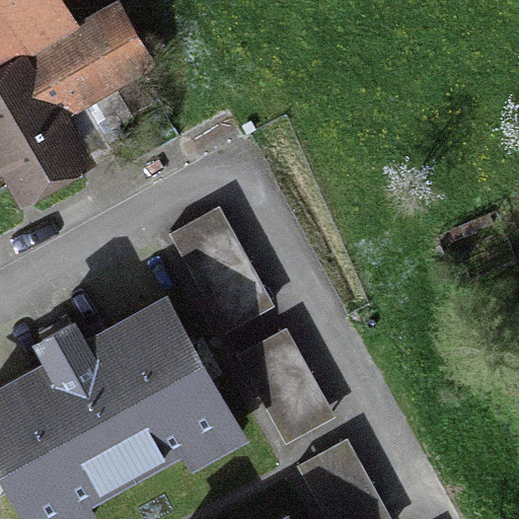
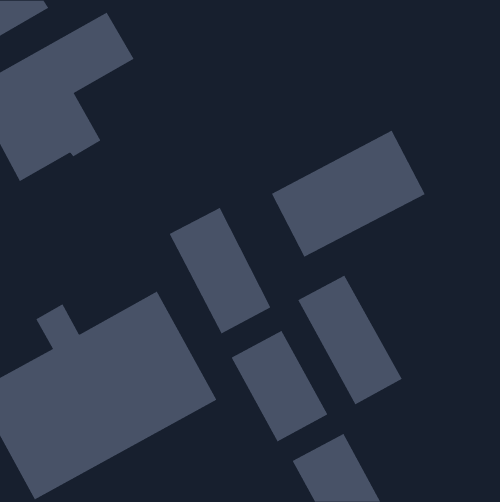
building: none -> [271,130,425,258]
building: none -> [298,275,403,405]

